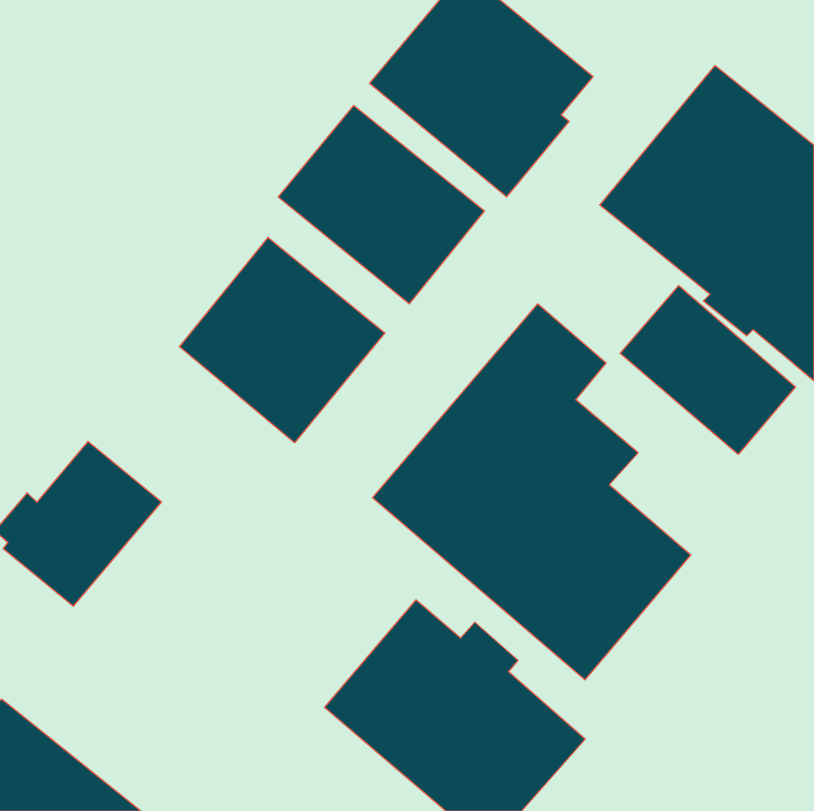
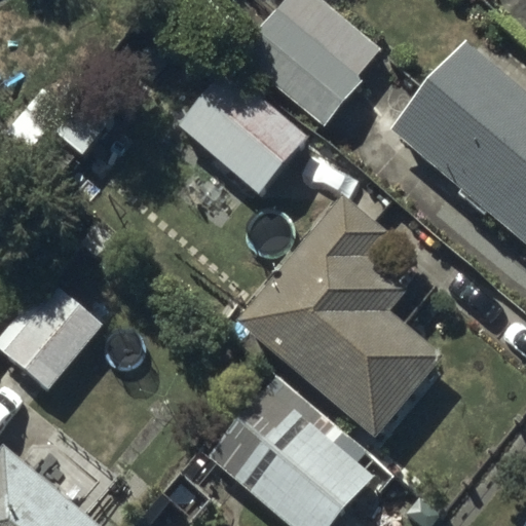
building: [179,237,385,443] -> none
building: [620,286,795,454] -> none

